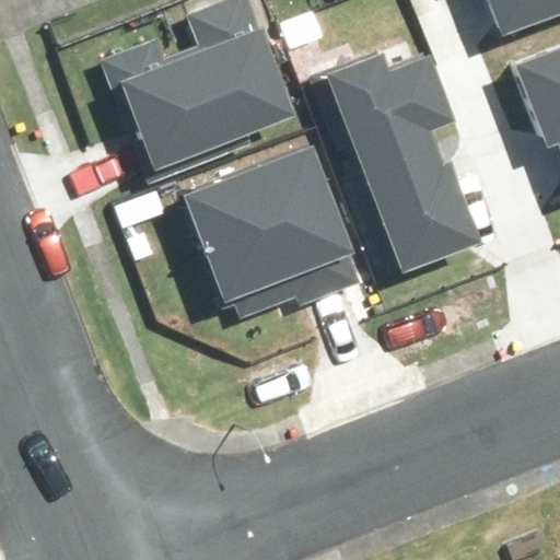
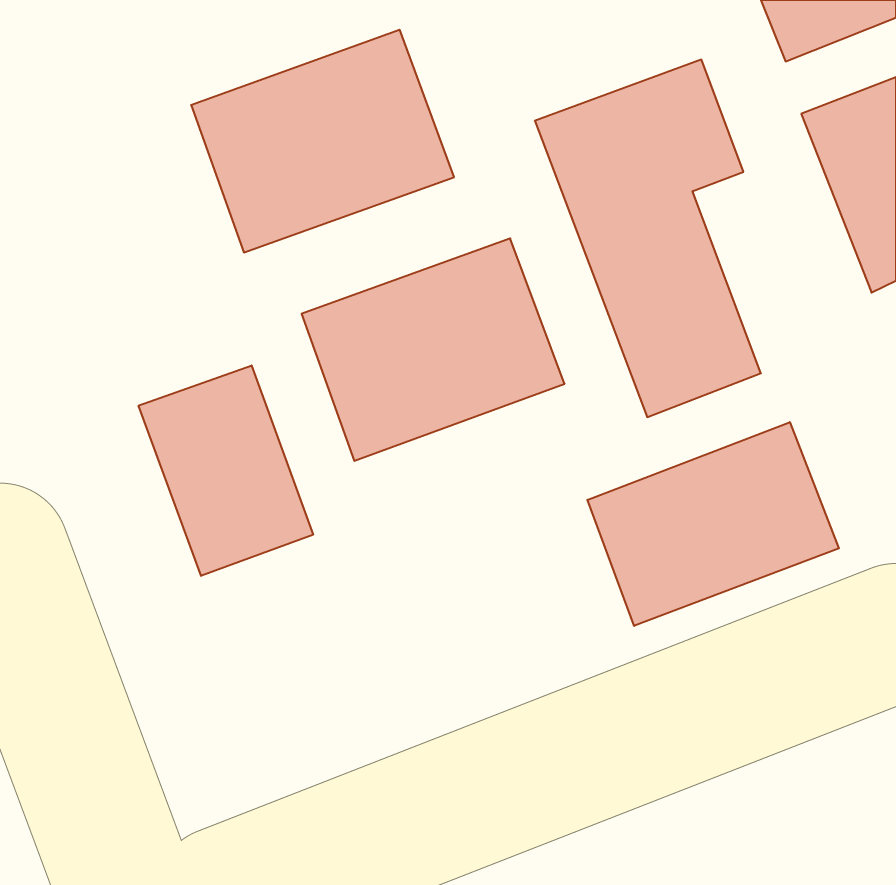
building: none -> [139,365,313,576]
building: none -> [587,422,839,626]

